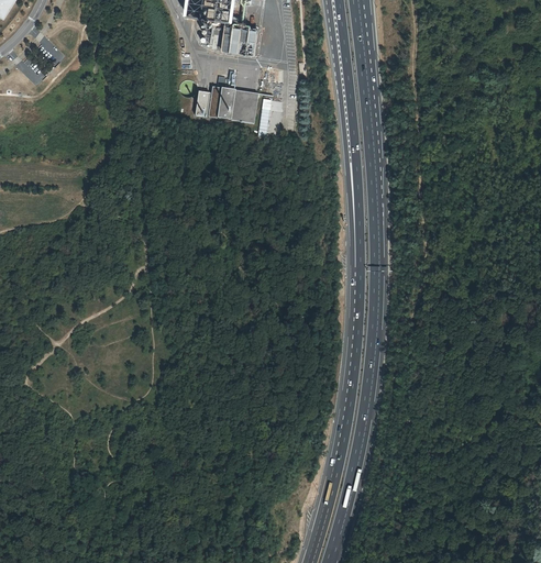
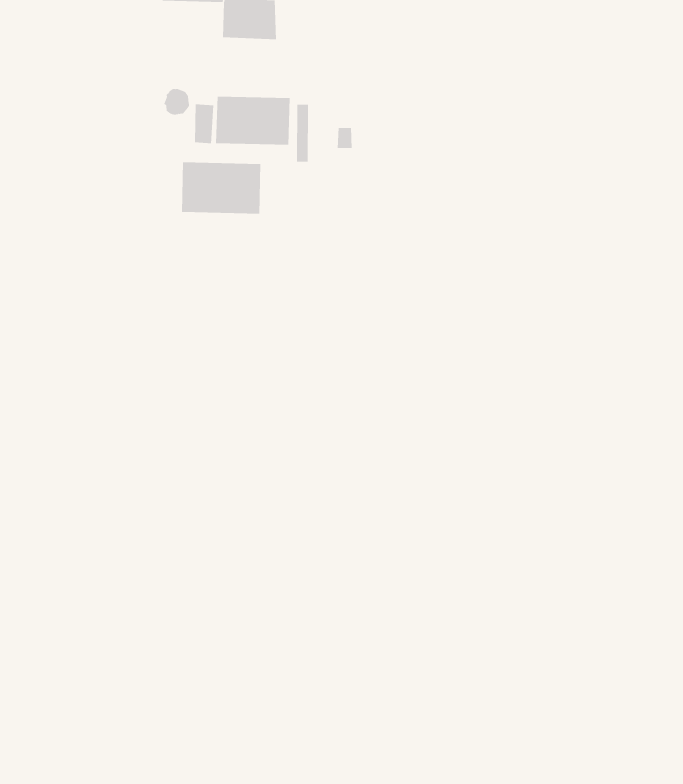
building: none -> [182,162,261,214]

